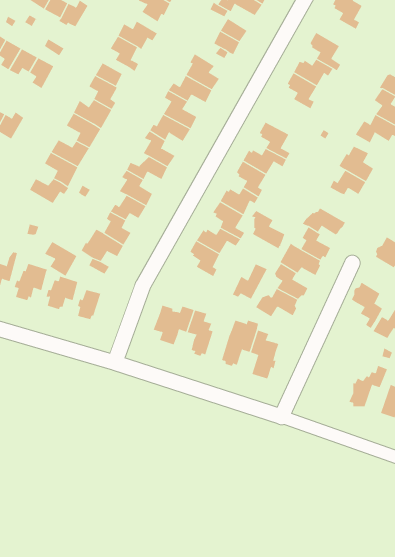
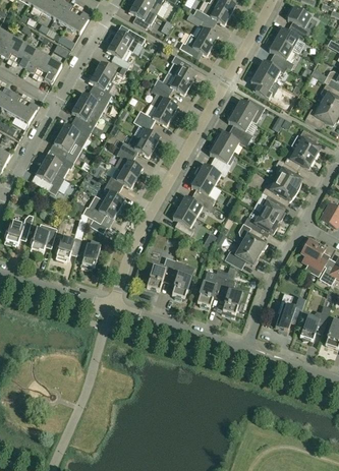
building: none -> [273,27,305,53]
building: none -> [232,99,265,120]
building: [251,210,285,249] -> [275,160,302,191]
building: [44,241,77,276] -> [36,165,62,193]
building: [232,263,267,299] -> none
building: none -> [275,296,305,333]

